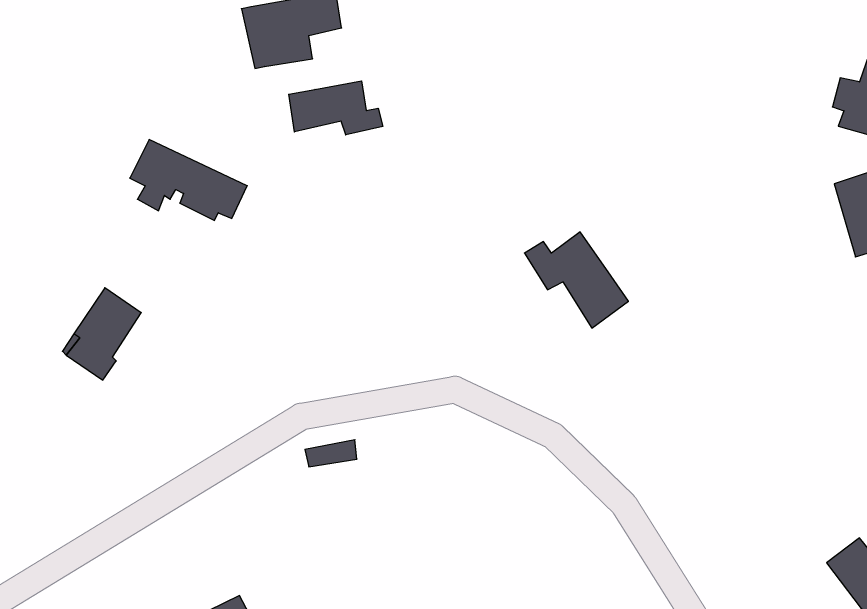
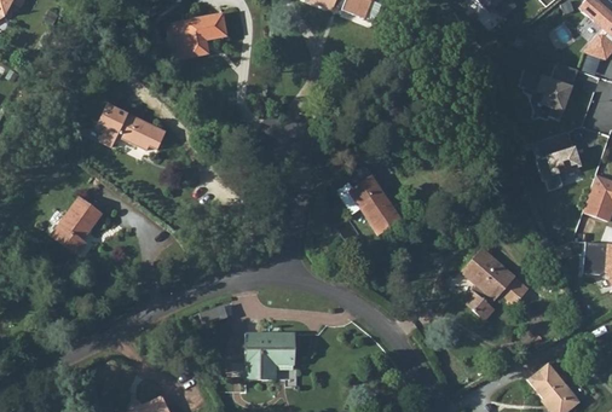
building: [289,81,383,135] -> none
building: none -> [463,246,531,318]
building: none -> [242,335,295,381]

